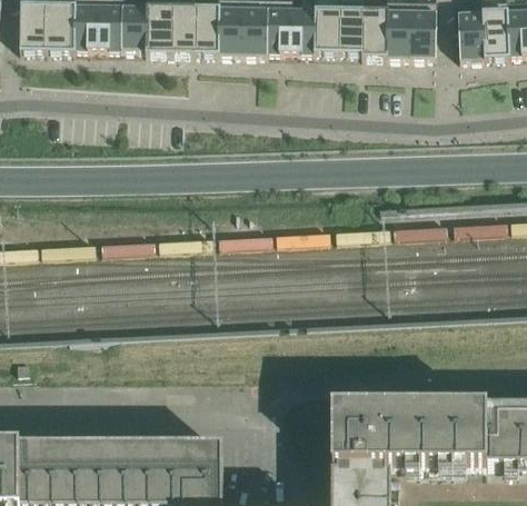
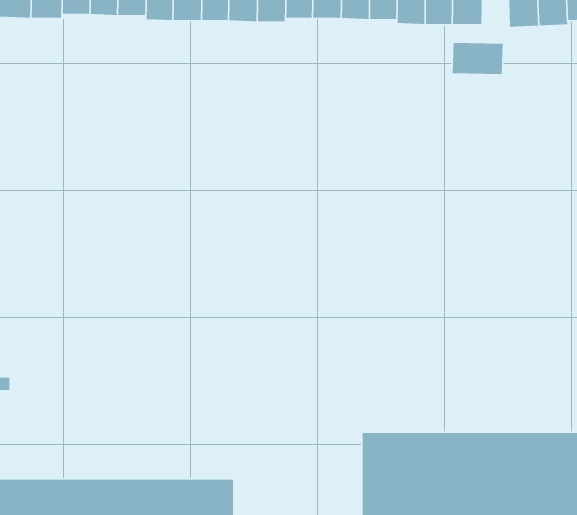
building: none -> [452,42,504,75]

